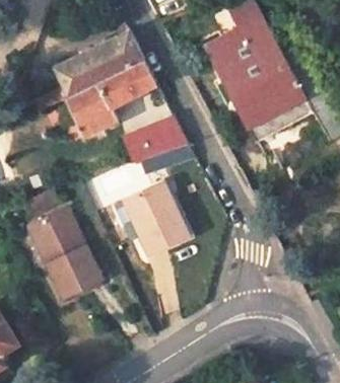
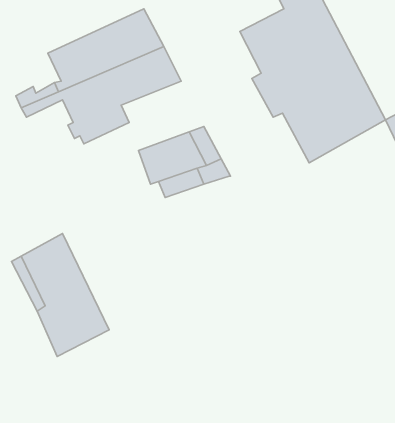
building: [124,179,190,255] -> none

